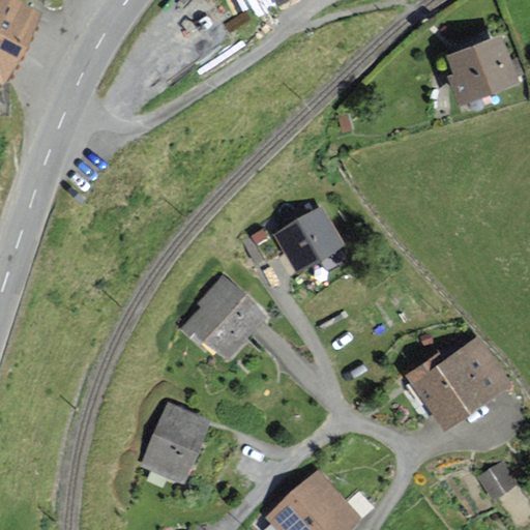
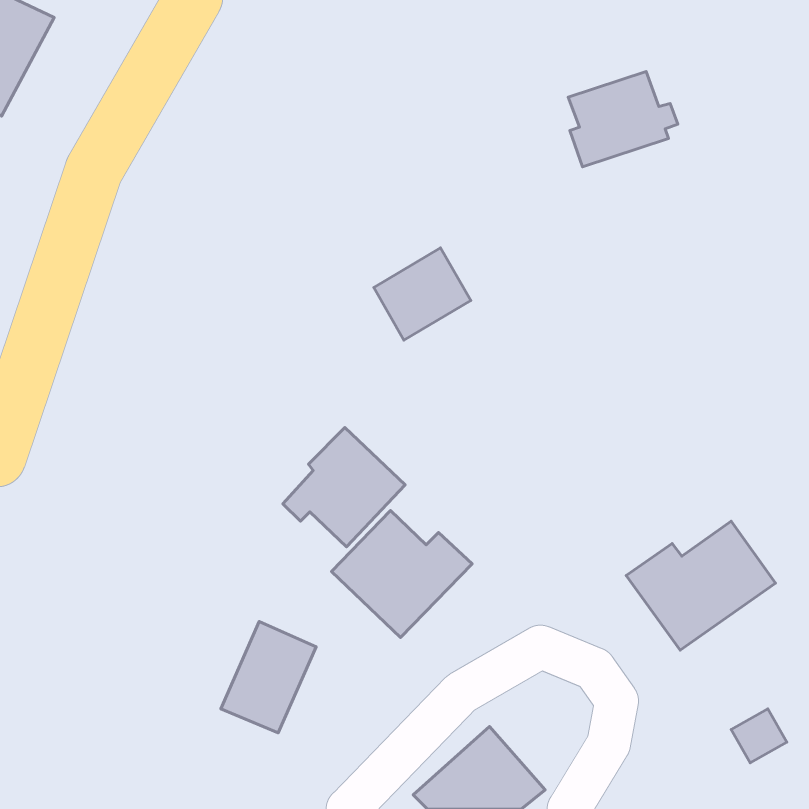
building: [448,37,520,99] -> [568,72,678,167]
building: [277,208,341,268] -> [374,248,471,340]
building: none -> [331,510,472,637]

